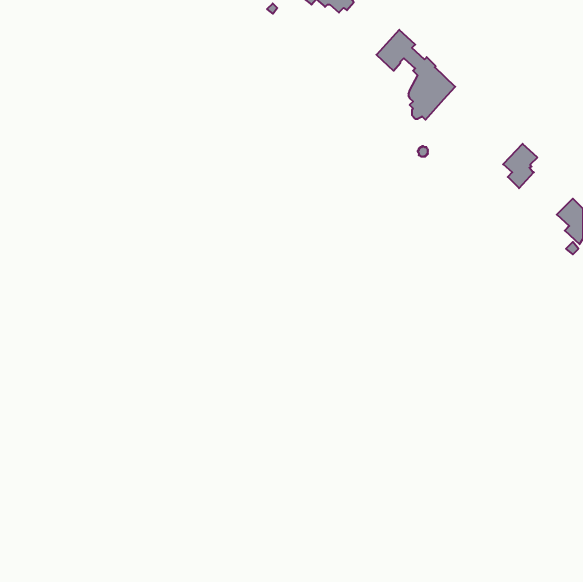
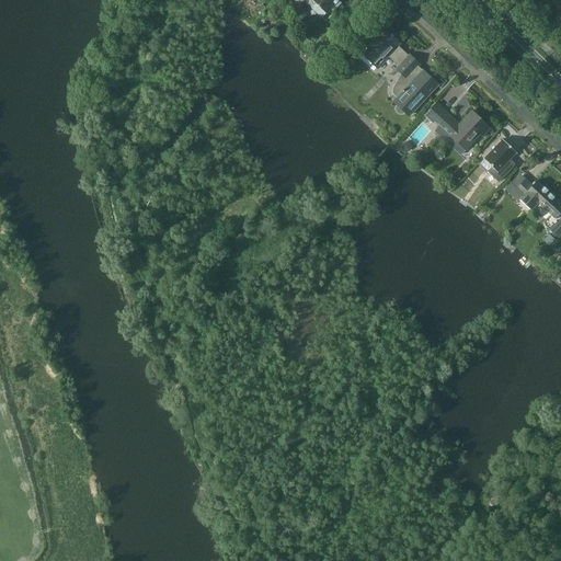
building: none -> [424,102,490,149]
building: none -> [507,178,550,207]

